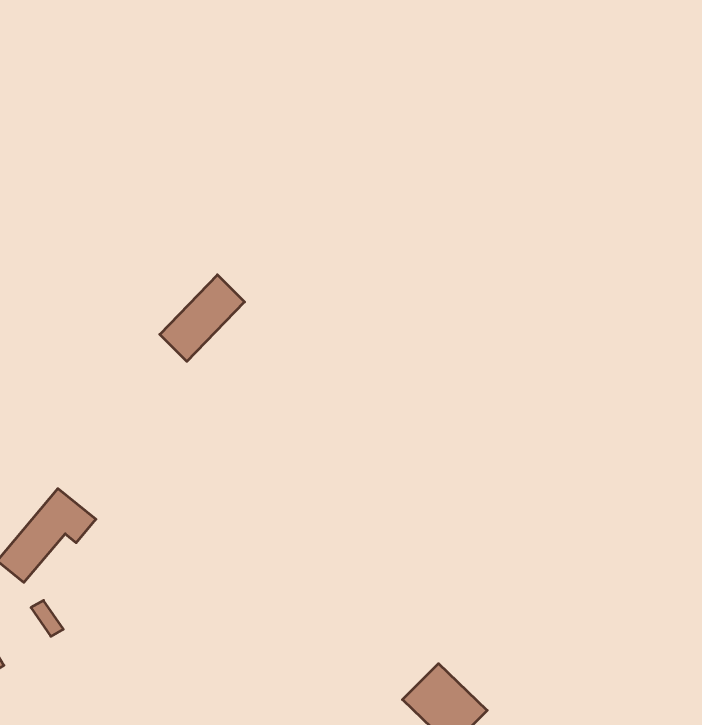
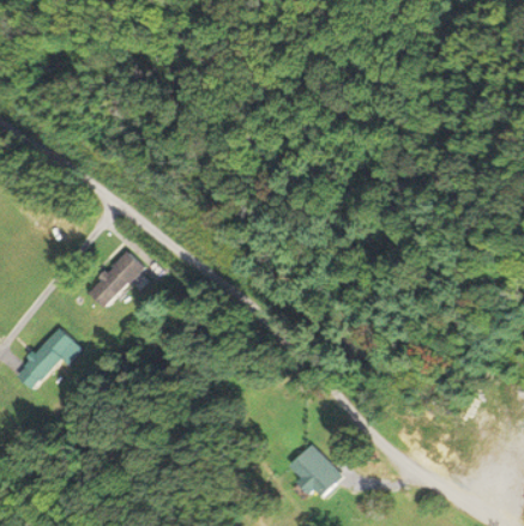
building: [160,275,245,361] -> [88,250,144,308]

